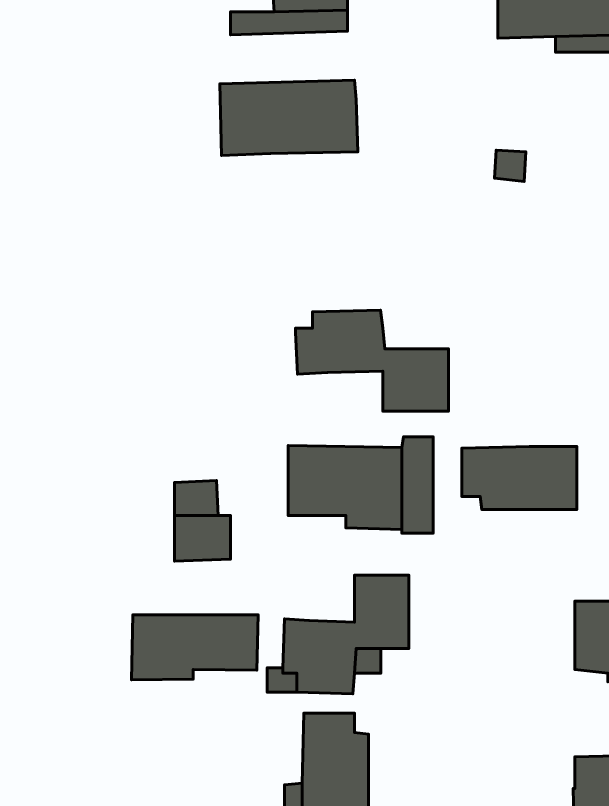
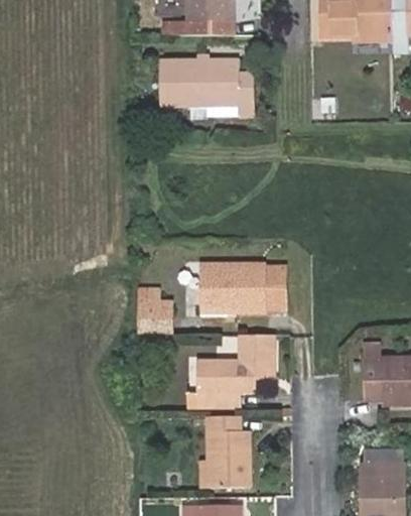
building: none -> [189,67,253,110]
building: [295,310,449,411] -> none
building: [462,446,577,510] -> none
building: [131,615,258,680] -> none

